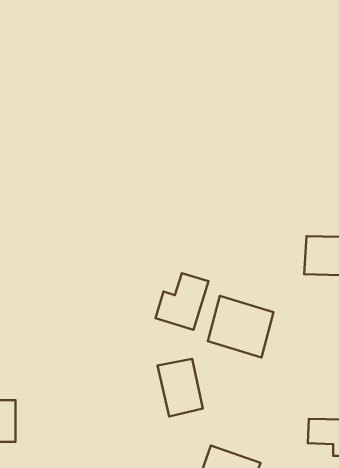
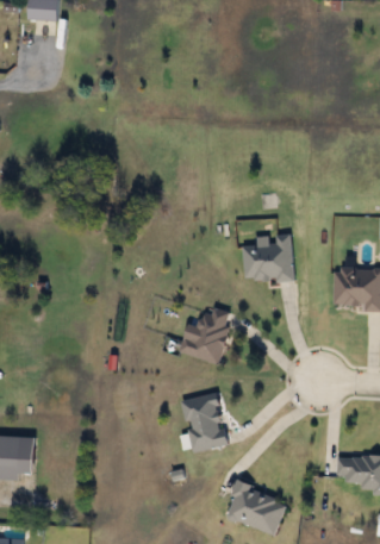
building: none -> [242,233,294,281]
building: [208,296,274,357] -> none

